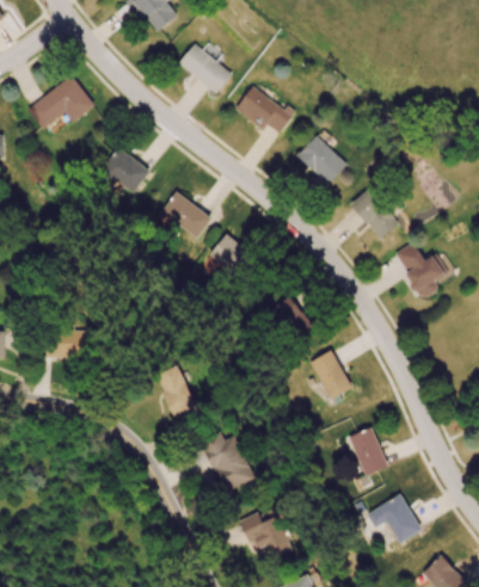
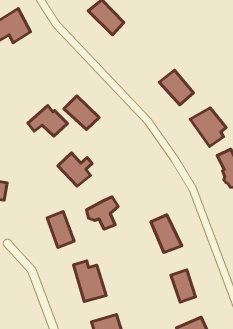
building: [233,86,294,136] -> none
building: [92,149,151,193] -> [28,106,68,136]
building: [207,234,257,282] -> [58,153,92,186]
building: [269,286,315,335] -> [86,197,118,229]

